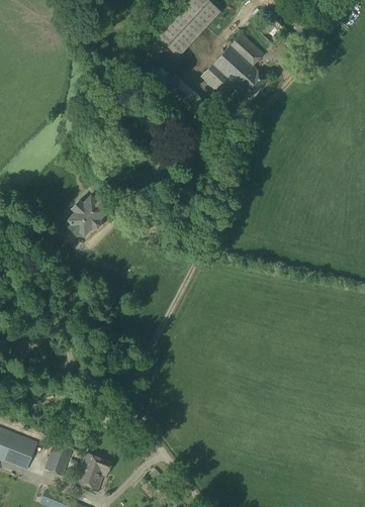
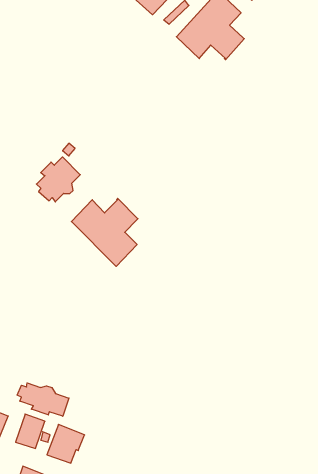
building: none -> [71,198,138,266]
building: none -> [17,383,69,416]

